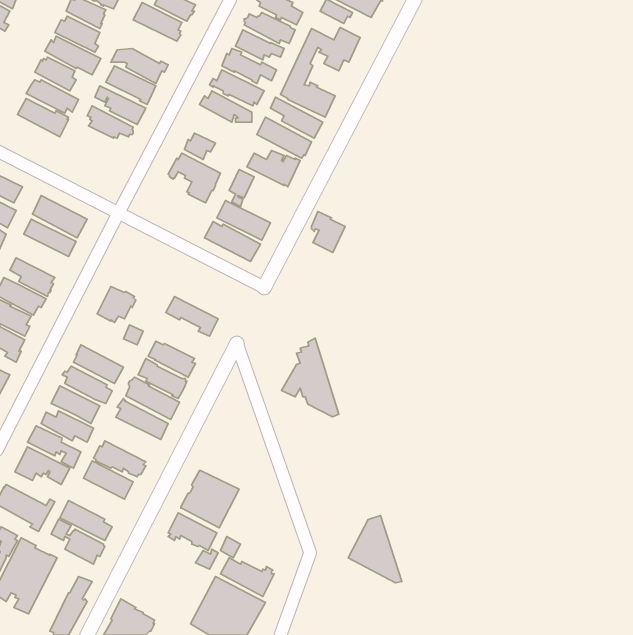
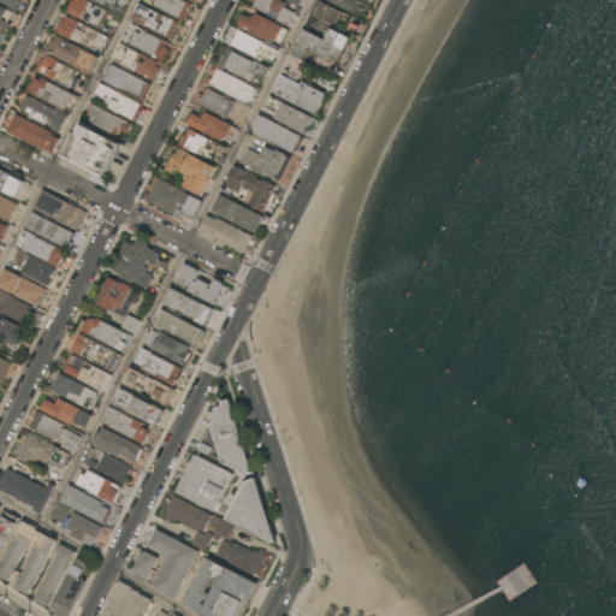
building: none -> [122,24,166,61]
building: none -> [185,111,235,141]
building: none -> [6,113,58,153]
building: none -> [59,123,118,177]
building: none -> [143,177,201,219]
building: [312,212,345,253] -> [241,171,273,211]
building: none -> [13,229,64,266]
building: none -> [112,237,172,288]
building: none -> [174,262,223,303]
building: none -> [153,308,203,345]
building: none -> [77,316,130,351]
building: [282,338,339,417] -> [195,398,250,474]
building: none -> [101,405,147,443]
building: none -> [75,469,122,503]
building: [348,516,402,583] -> [224,478,276,543]
building: none -> [129,528,197,598]
building: none -> [32,543,75,606]

